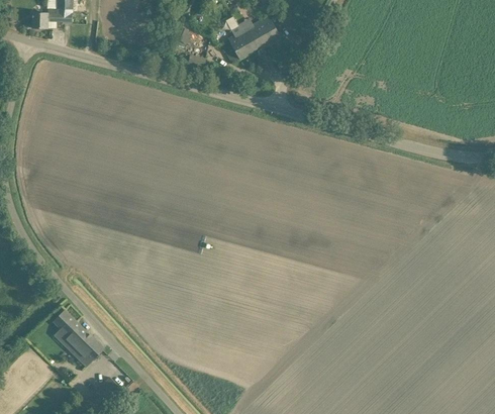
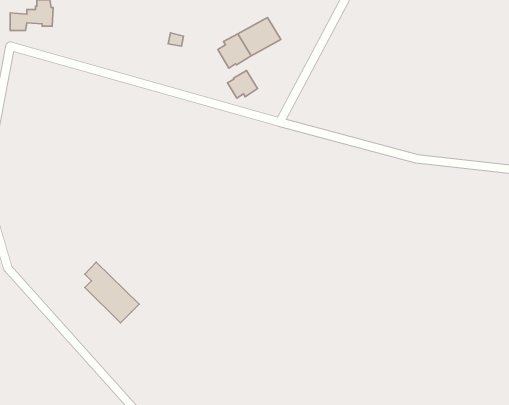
building: none -> [227,70,257,98]
building: [54,310,103,366] -> [85,262,139,323]

